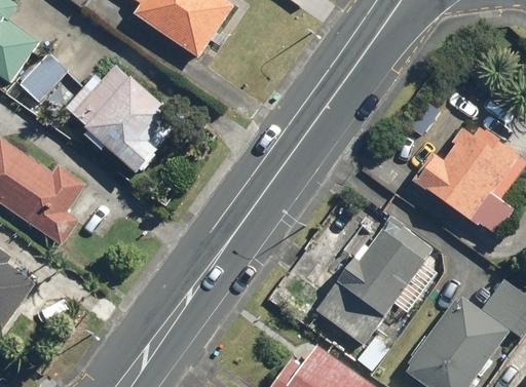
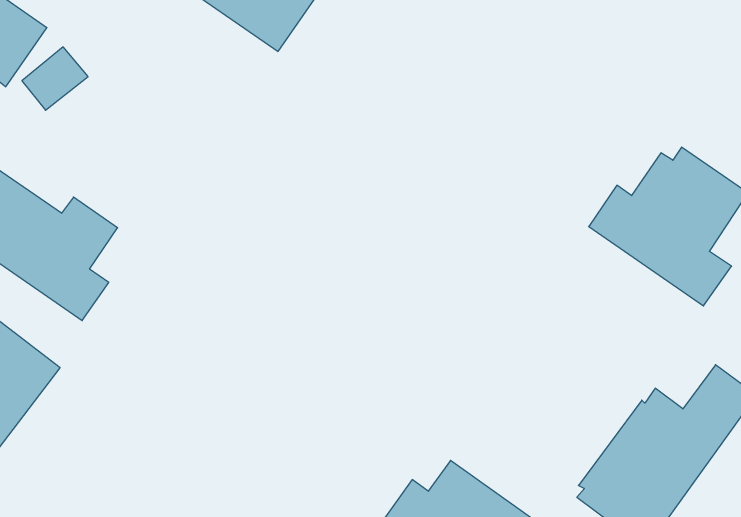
building: [65,62,172,178] -> none
building: [330,227,436,328] -> none

